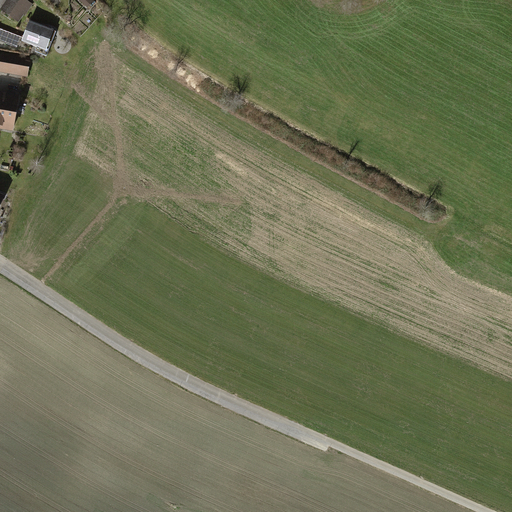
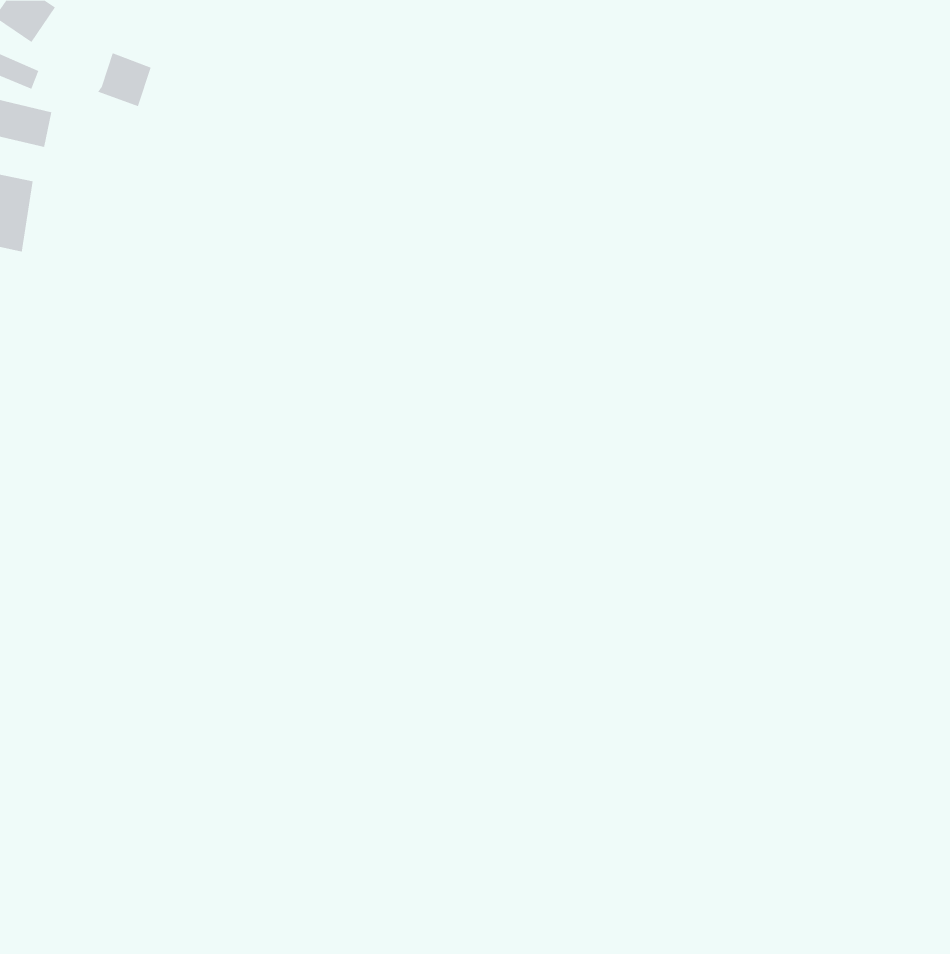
building: [19,20,48,49] -> [97,53,151,107]

